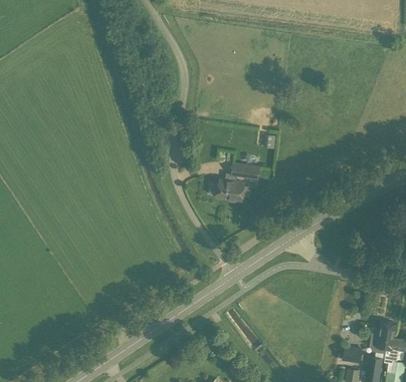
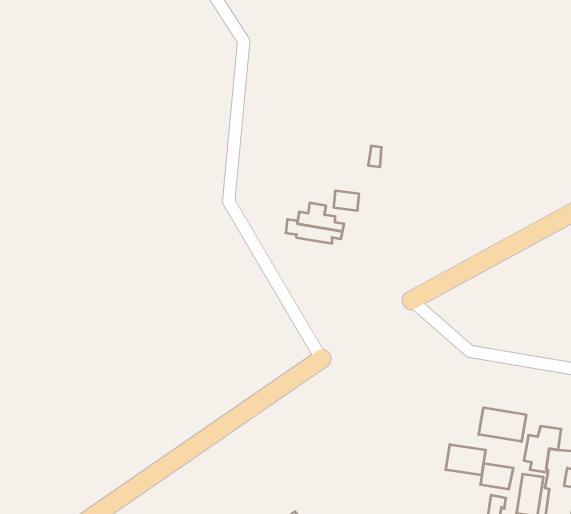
building: none -> [479,408,526,442]
building: none -> [446,444,486,475]

